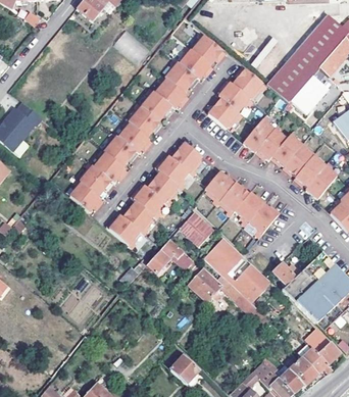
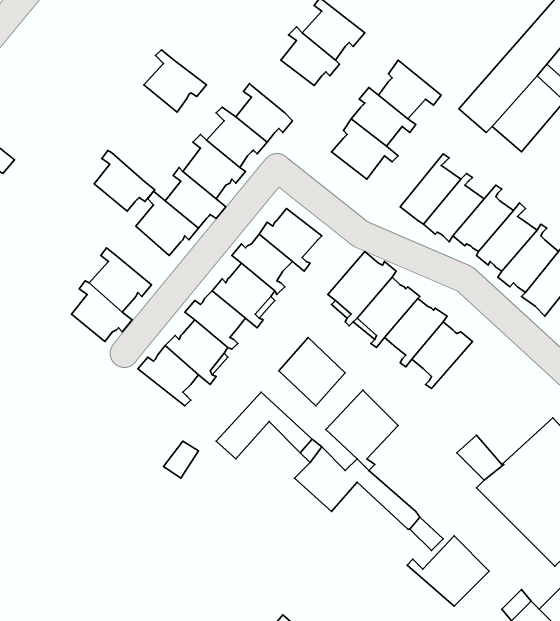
building: [165,60,198,93] -> [144,50,207,112]
building: [96,151,128,183] -> [94,151,155,211]
building: [227,264,269,301] -> [407,536,489,606]

